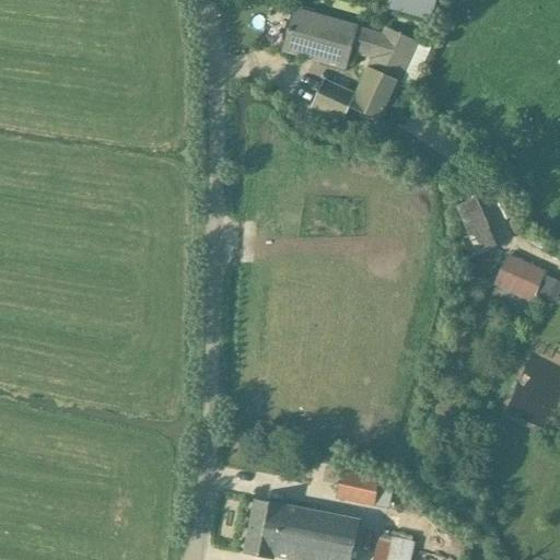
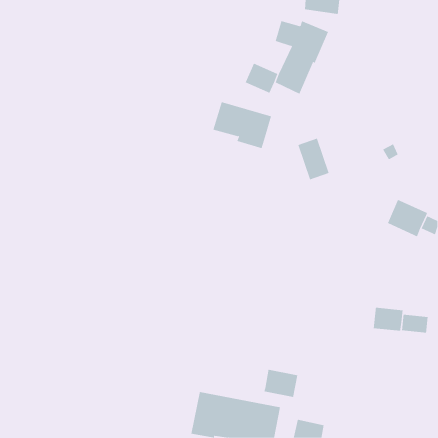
building: [282,8,358,68] -> [212,101,272,149]
building: [454,201,494,255] -> [298,138,329,180]
building: none -> [373,307,403,332]

